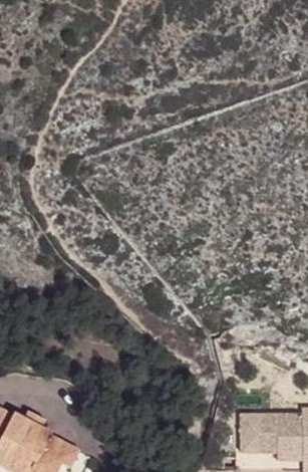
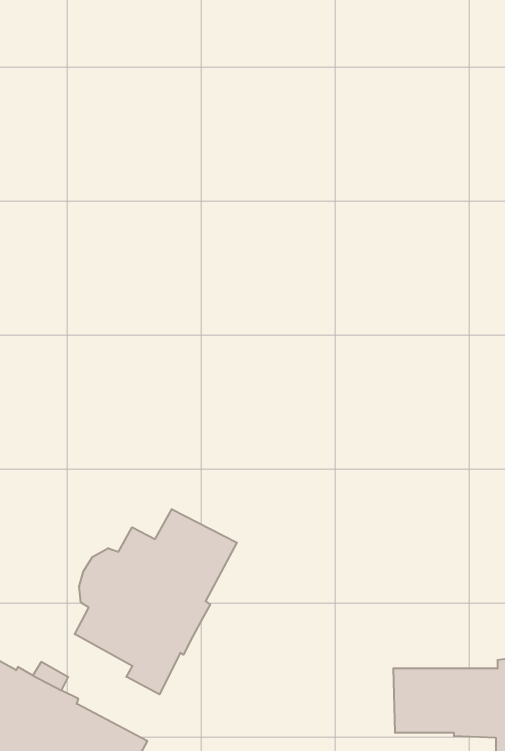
building: none -> [75,509,237,694]

